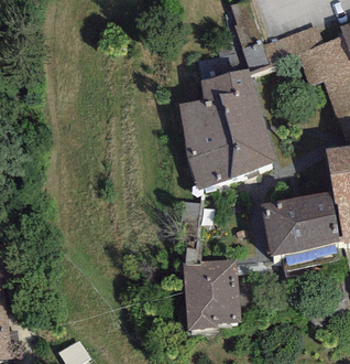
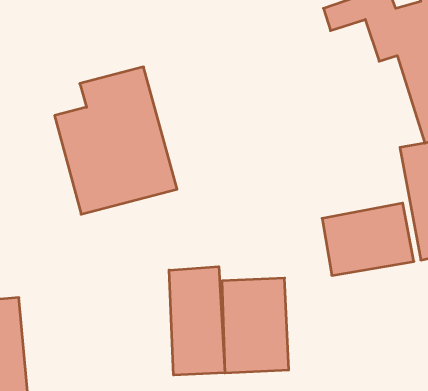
building: [176,68,273,185] -> [55,67,177,214]
building: none -> [169,267,225,375]

